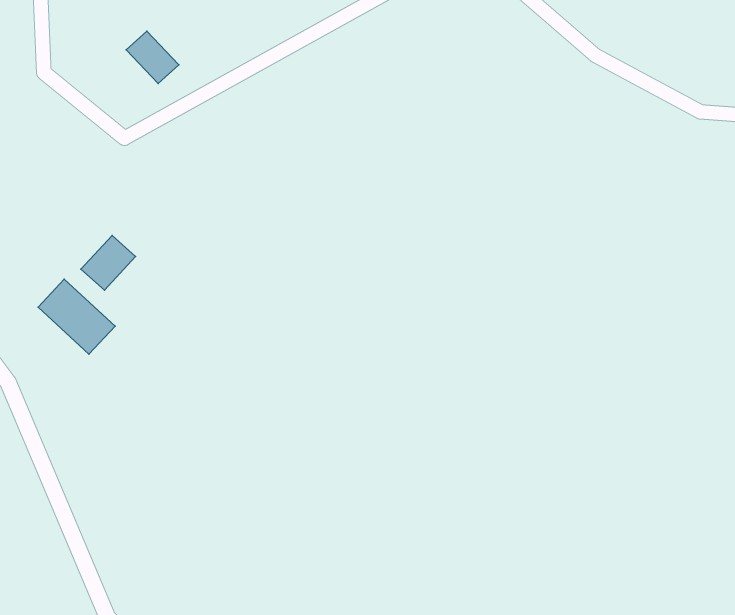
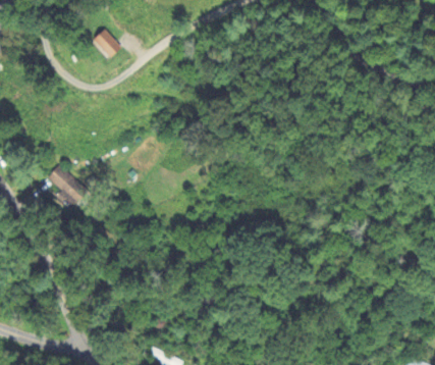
building: [81,235,136,290] -> none

